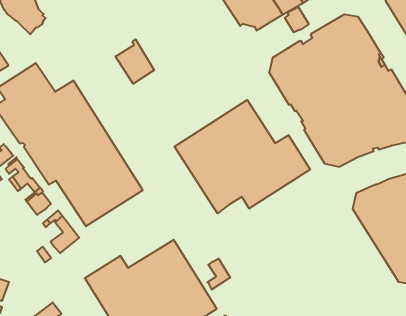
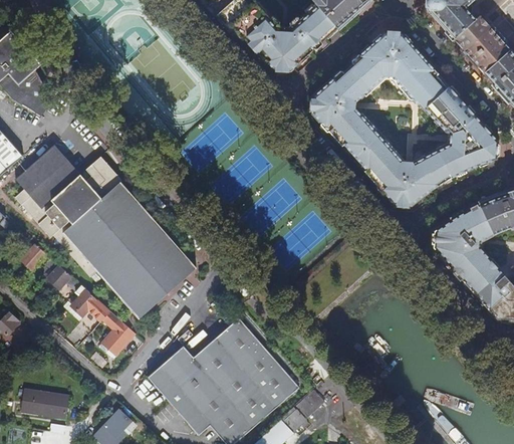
building: [285,7,309,32] -> none
building: [116,39,154,84] -> none
building: [175,100,310,213] -> none
building: [207,259,230,290] -> none

